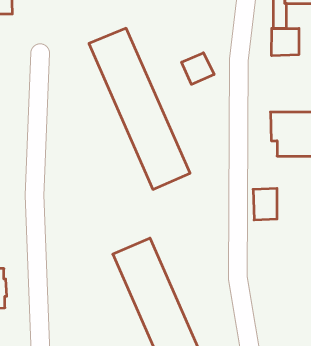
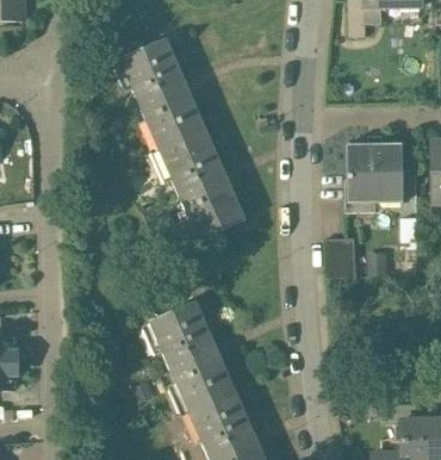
building: [272,28,299,56] -> none
building: [182,53,214,84] -> none

